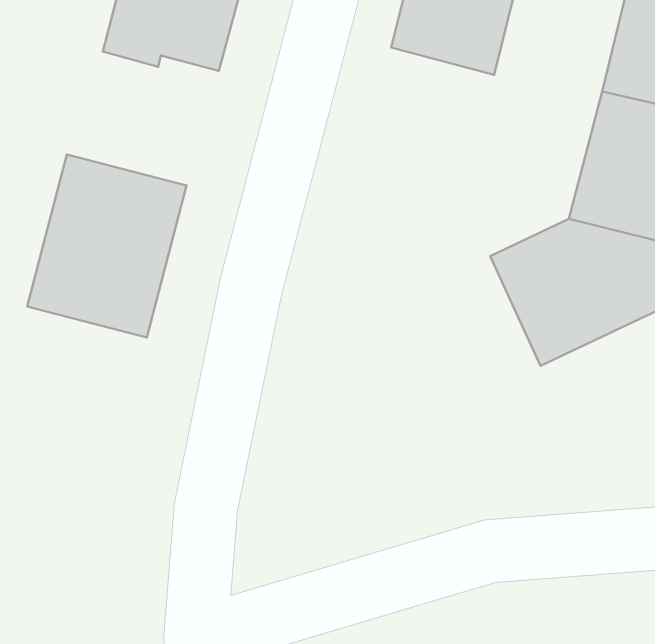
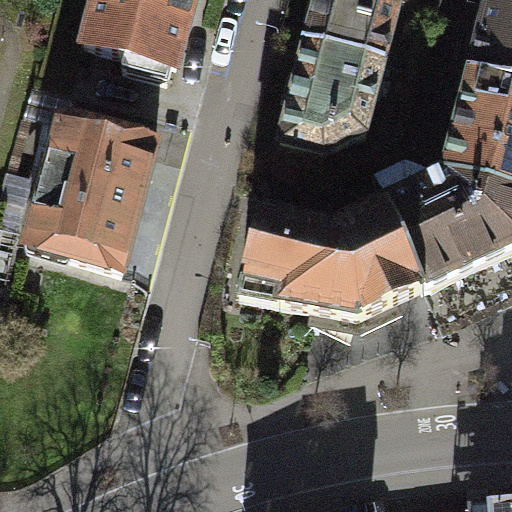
building: none -> [279,37,386,149]
building: none -> [238,199,422,314]

